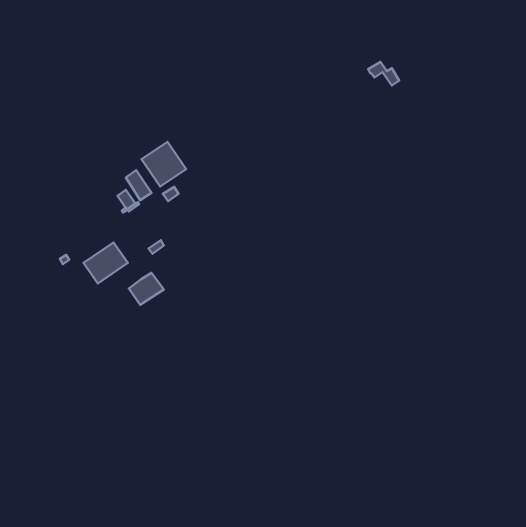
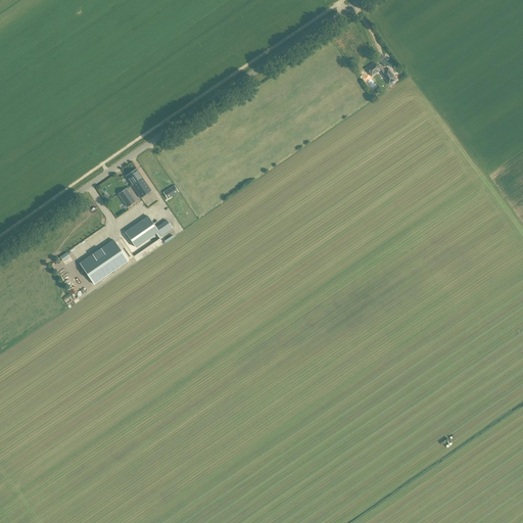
building: [142,142,186,186] -> none
building: [129,273,164,305] -> [124,217,158,248]

